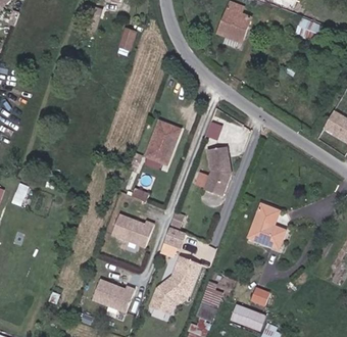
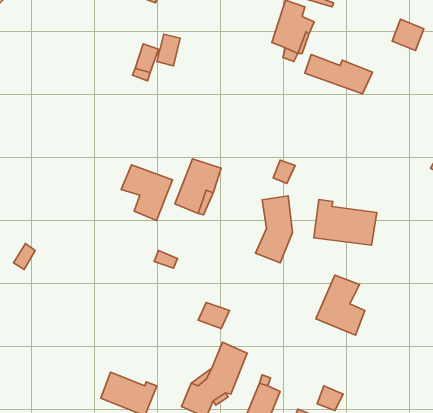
building: none -> [305,54,373,94]
building: none -> [121,165,172,220]
building: none -> [314,199,377,245]
building: [107,214,149,247] -> none

